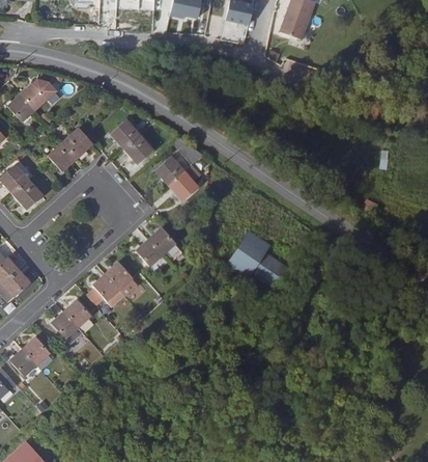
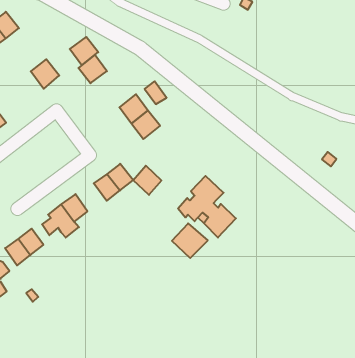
building: [124,134,153,163] -> [70,37,98,65]
building: [48,140,78,170] -> none
building: none -> [133,166,161,195]
building: none -> [172,223,208,258]

